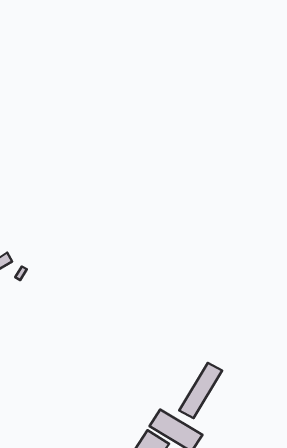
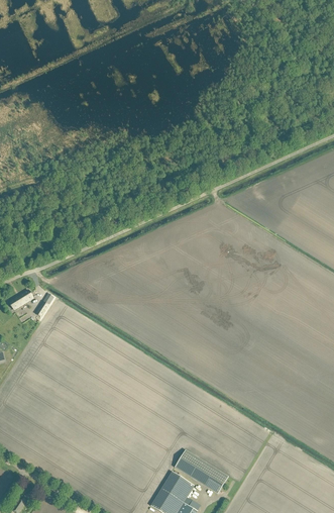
building: [179,363,222,418] -> none

